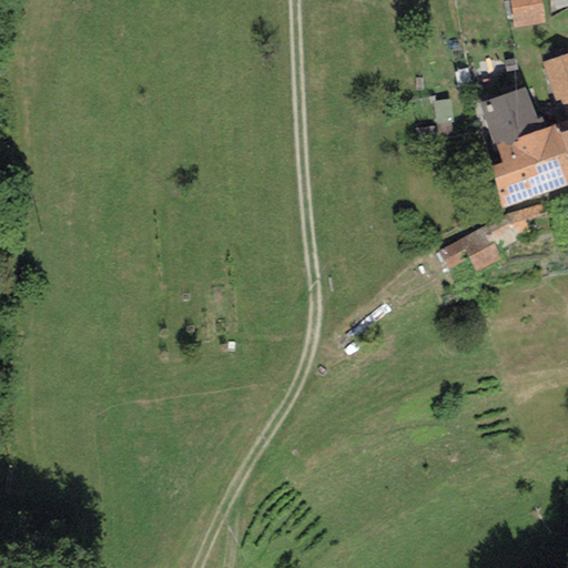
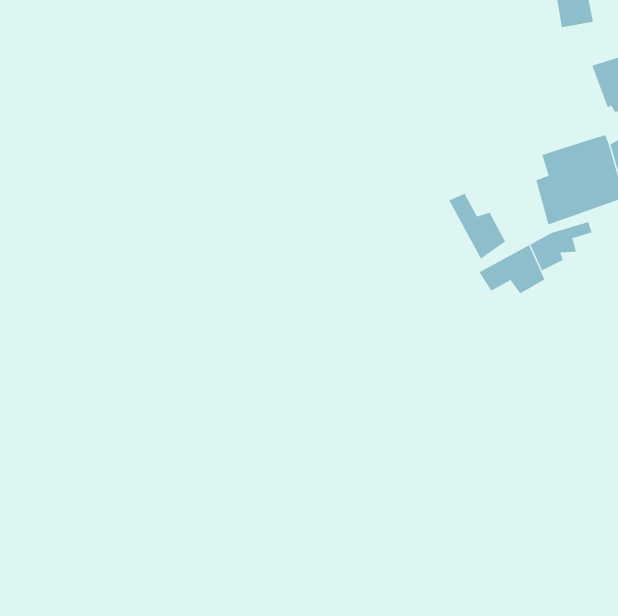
building: [479,87,541,143] -> none
building: none -> [448,193,506,259]

